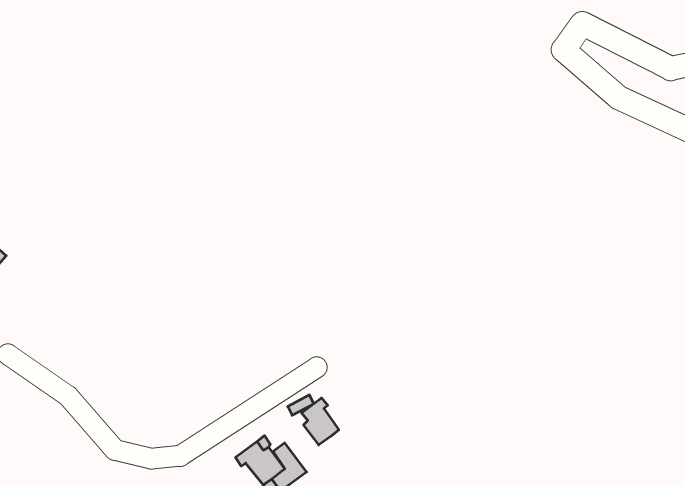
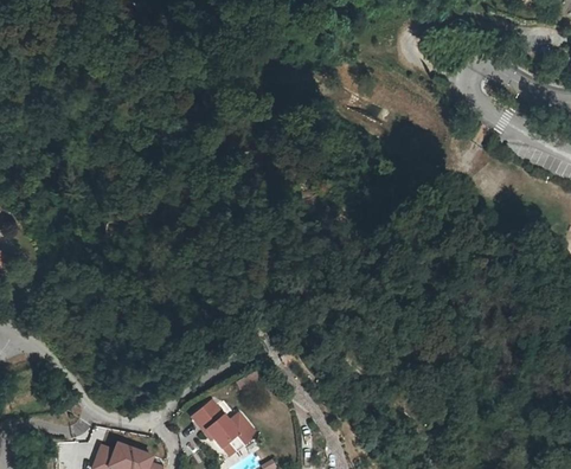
building: [302,398,339,445] -> none

